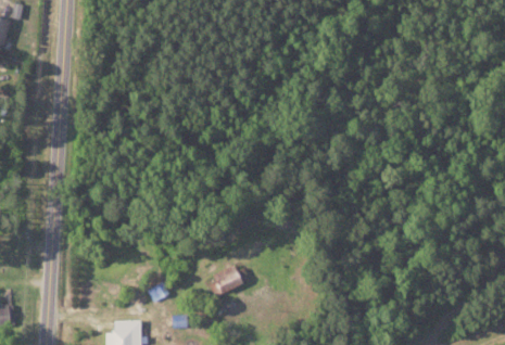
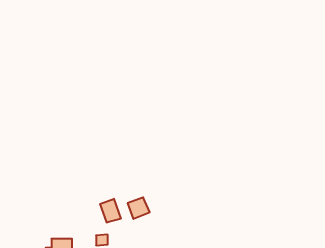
building: none -> [100,199,121,223]

